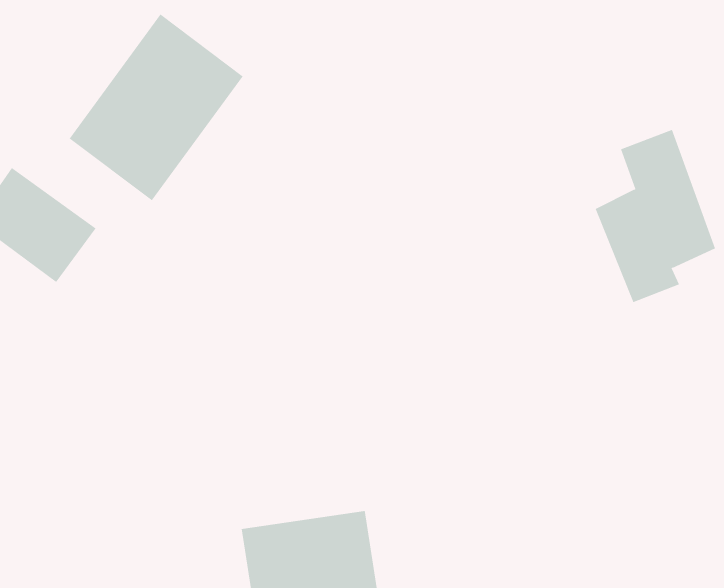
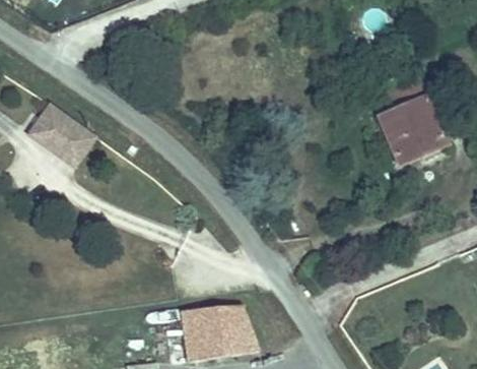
building: [69,14,243,201] -> none

